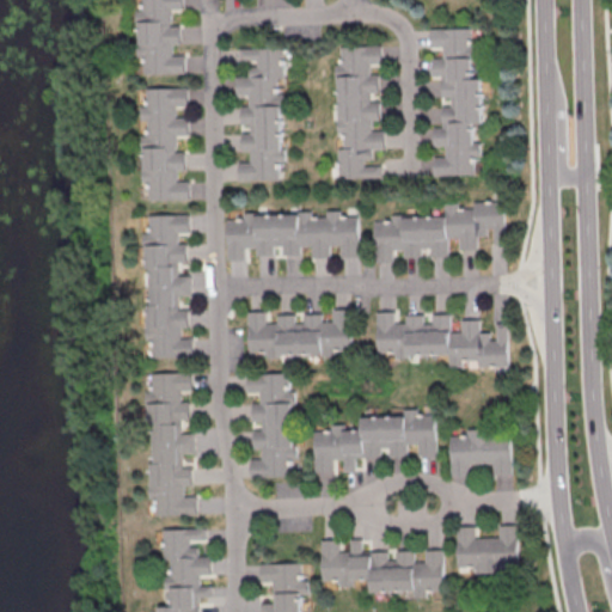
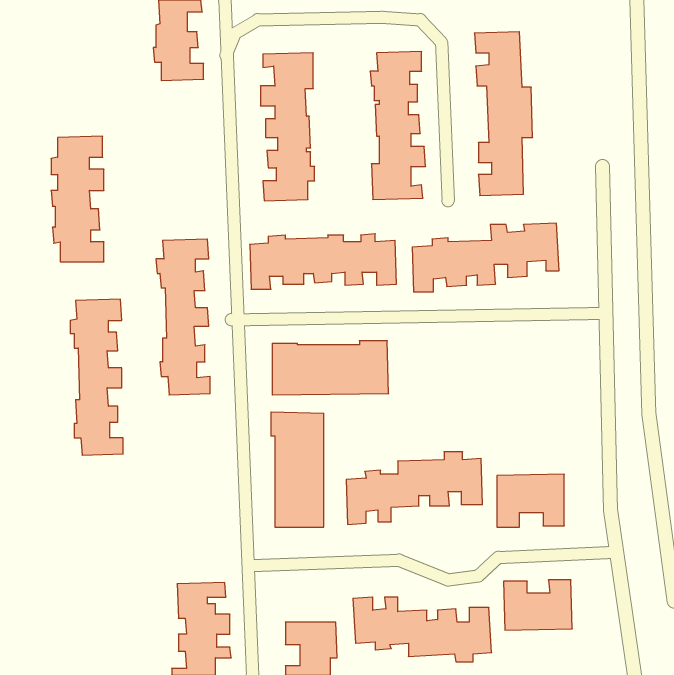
building: [140,87,188,201] -> [51,136,104,262]
building: [375,312,508,369] -> none
building: [143,372,191,513] -> [70,299,123,455]

